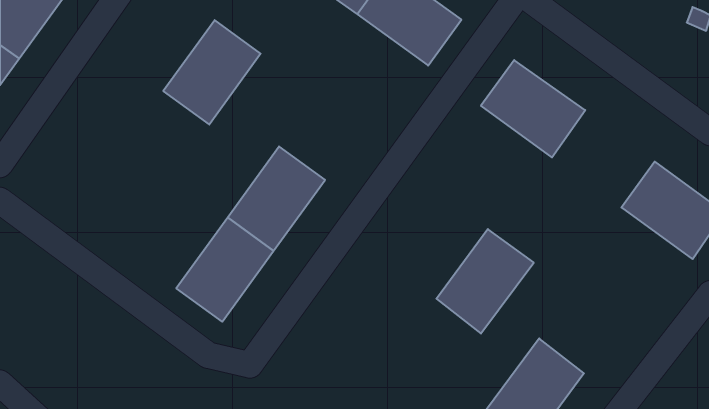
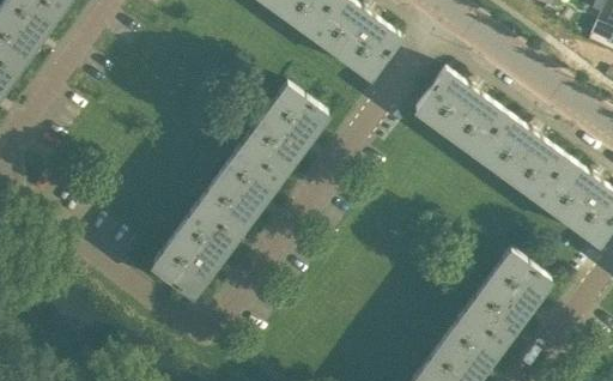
building: [163,20,261,125] -> [242,85,326,175]
building: none -> [477,115,565,199]
building: [436,229,534,334] -> [466,252,550,341]

